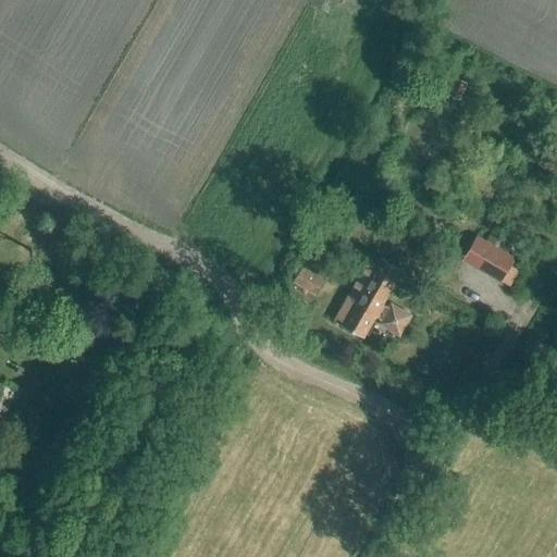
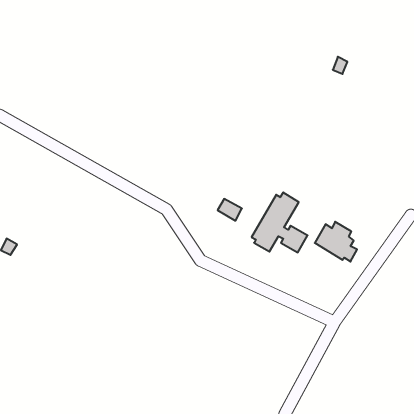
building: [461,234,518,287] -> [315,222,357,262]

